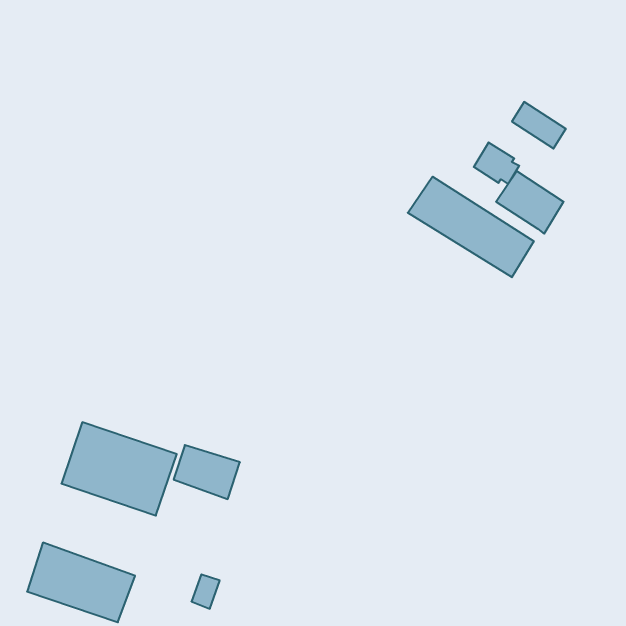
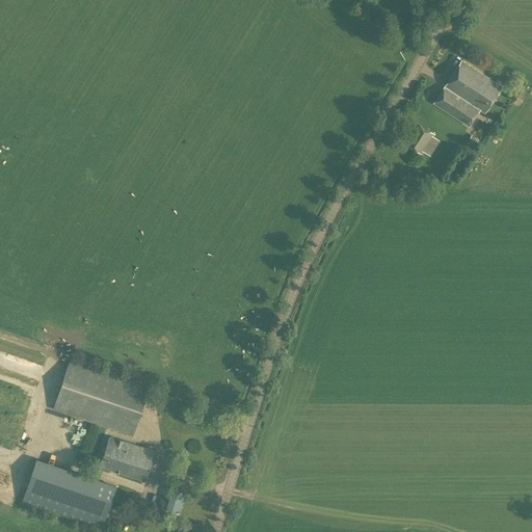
building: [496,171,564,234] -> [445,61,502,114]
building: [408,177,534,277] -> none
building: [174,445,240,499] -> [100,437,156,483]

